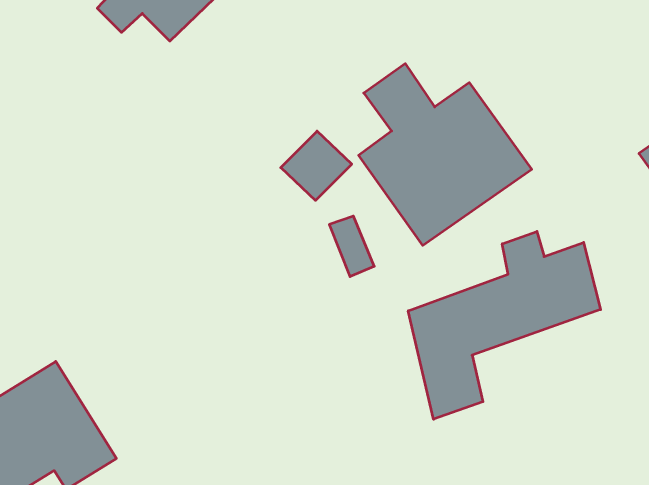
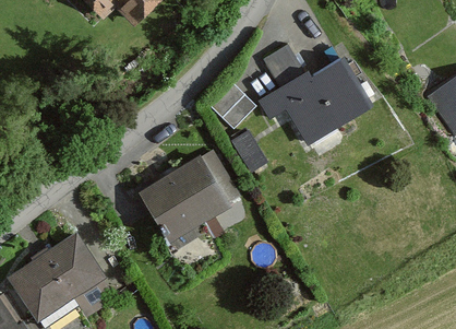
building: none -> [136,145,247,243]
building: [408,231,601,419] -> none

